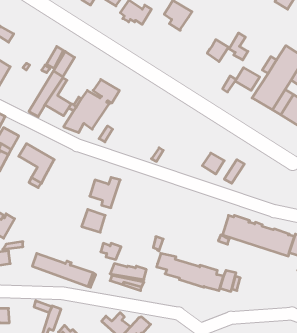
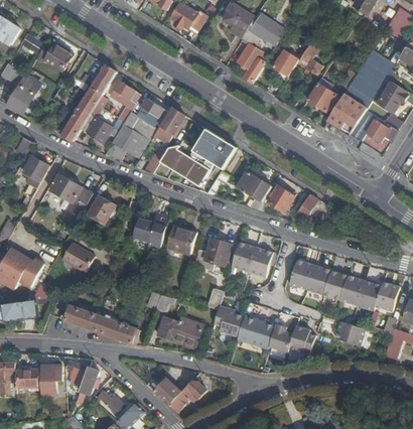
building: none -> [235,15,285,84]
building: none -> [36,44,70,68]
building: none -> [109,81,140,109]
building: none -> [156,107,184,143]
building: none -> [191,129,236,169]
building: none -> [160,145,209,185]
building: none -> [238,171,270,209]
building: none -> [81,193,114,224]
building: none -> [191,239,230,270]
building: none -> [231,242,274,276]
building: none -> [60,243,93,273]
building: [82,209,105,232] -> [166,227,194,254]
building: none -> [333,318,362,342]
building: none -> [41,366,61,394]

